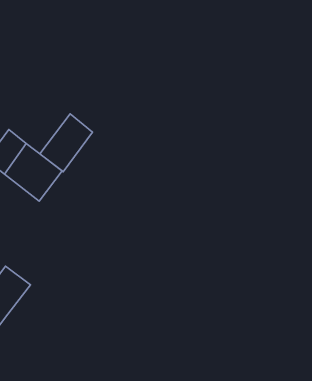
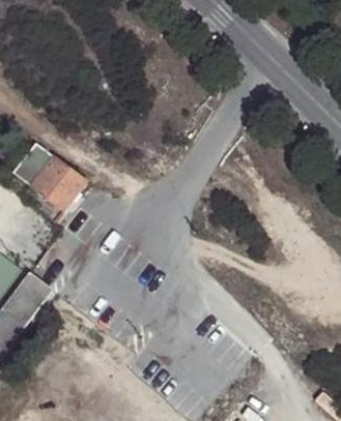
building: [40,114,93,172] -> none

